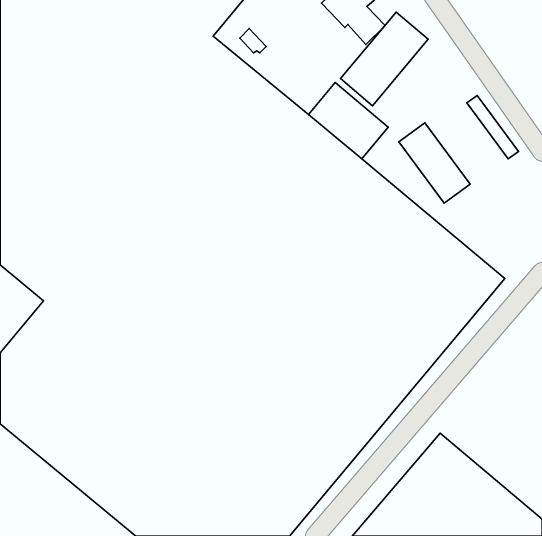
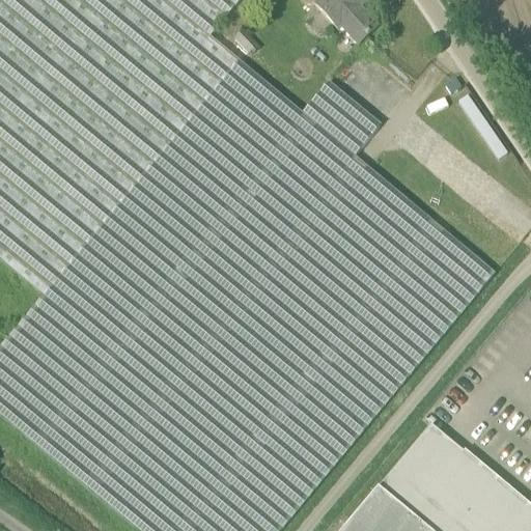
building: [340,12,428,106] -> none
building: [399,123,470,203] -> none

